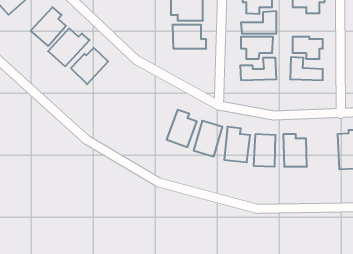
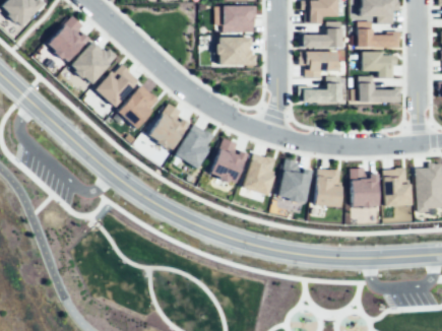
building: none -> [358,21,396,48]
building: none -> [118,84,162,129]
building: none -> [149,104,188,150]
building: none -> [176,124,215,169]
building: none -> [383,169,409,206]

